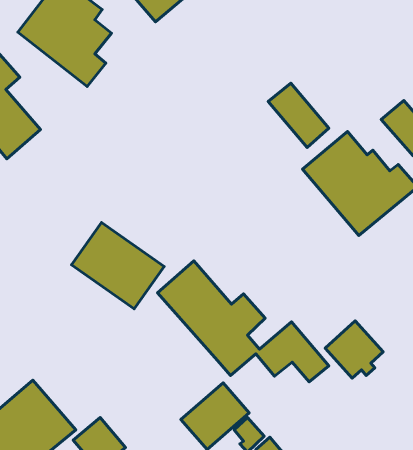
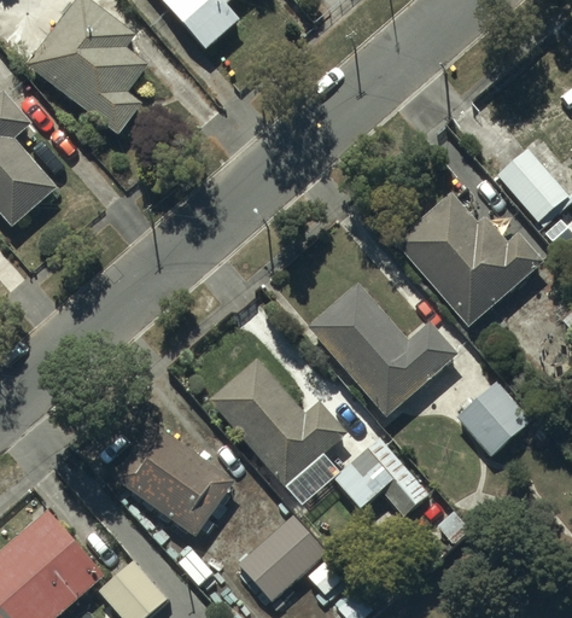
building: [268,83,329,148] -> none
building: none -> [308,284,460,416]
building: [72,223,164,309] -> [115,425,234,536]
building: [325,321,383,378] -> [456,381,531,455]

